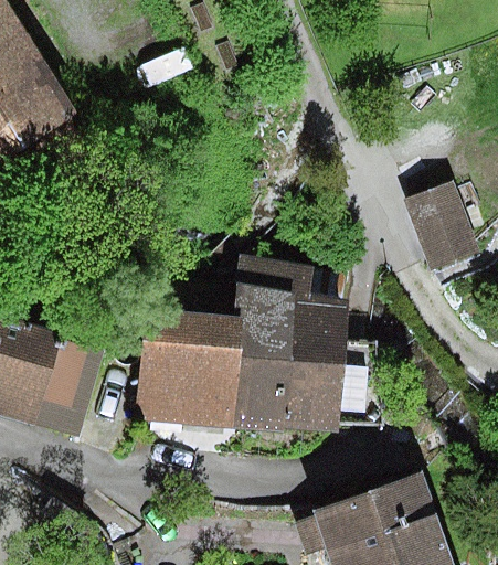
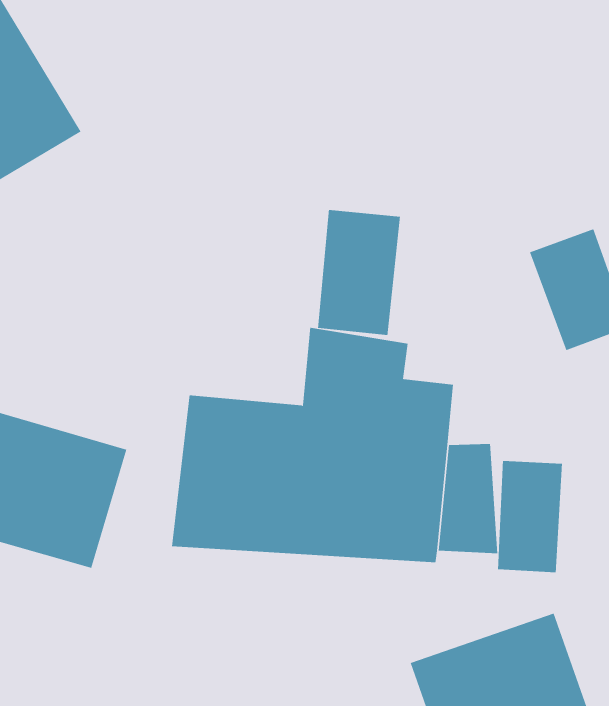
building: none -> [317,209,400,336]
building: none -> [497,460,562,573]

